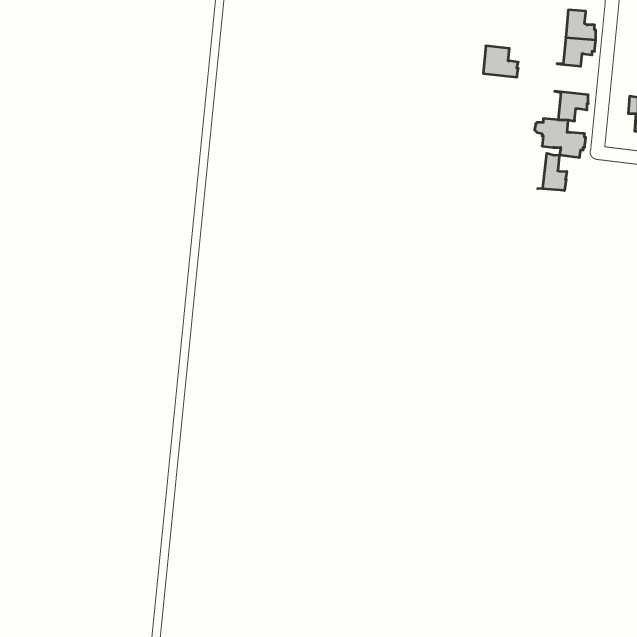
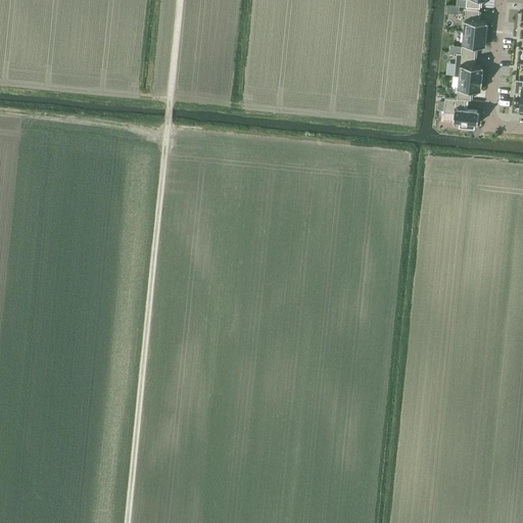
building: [483,46,518,77] -> [455,53,483,79]
building: [538,153,567,191] -> none

